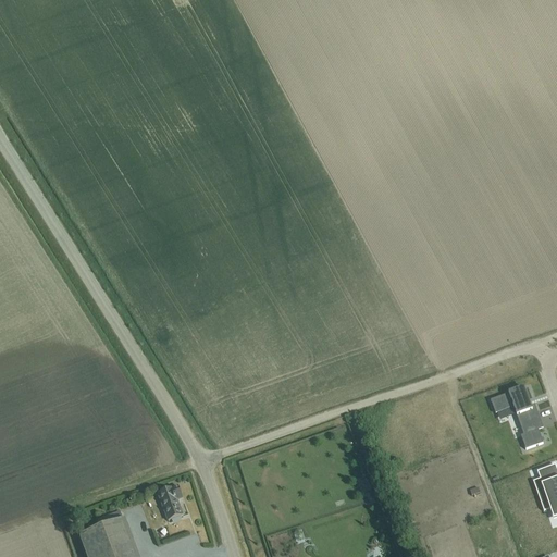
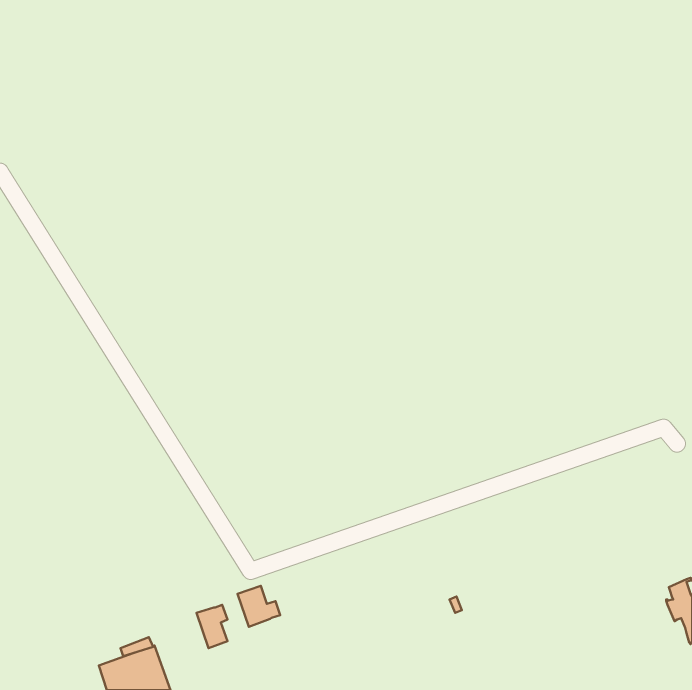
building: [491,388,543,449] -> none
building: none -> [237,586,280,627]

